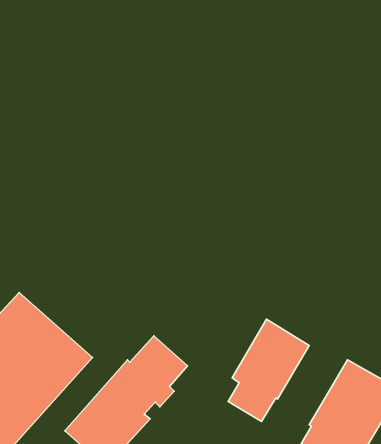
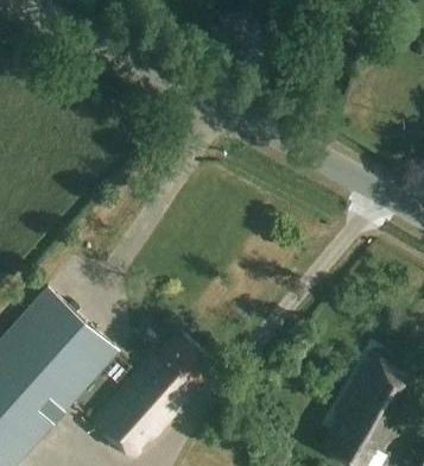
building: [228,319,309,421] -> none

